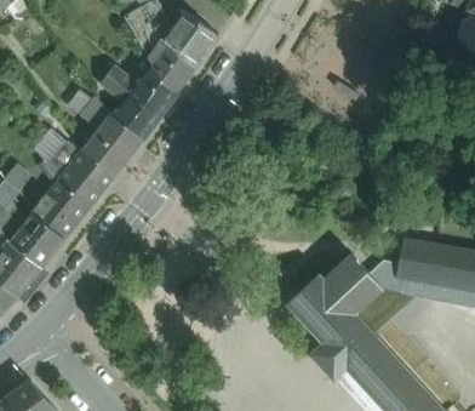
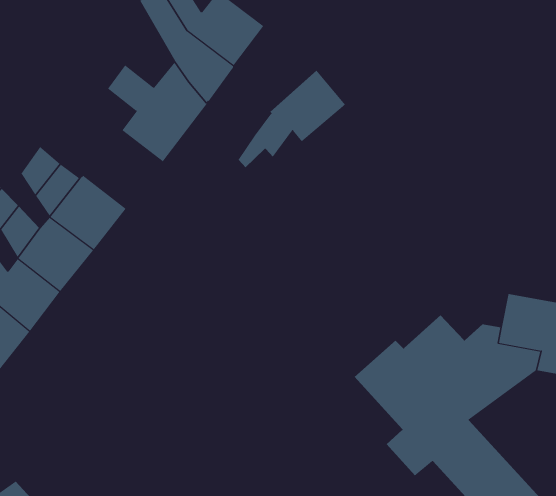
building: none -> [238,70,346,168]
building: [81,98,143,176] -> none

